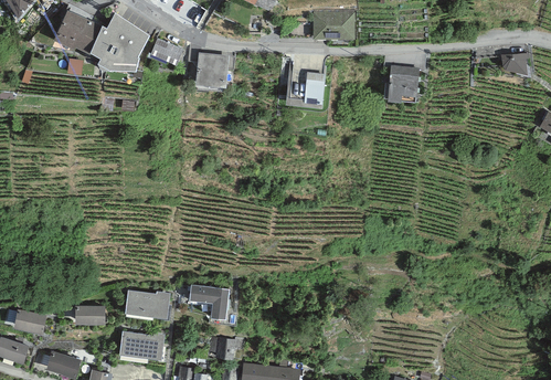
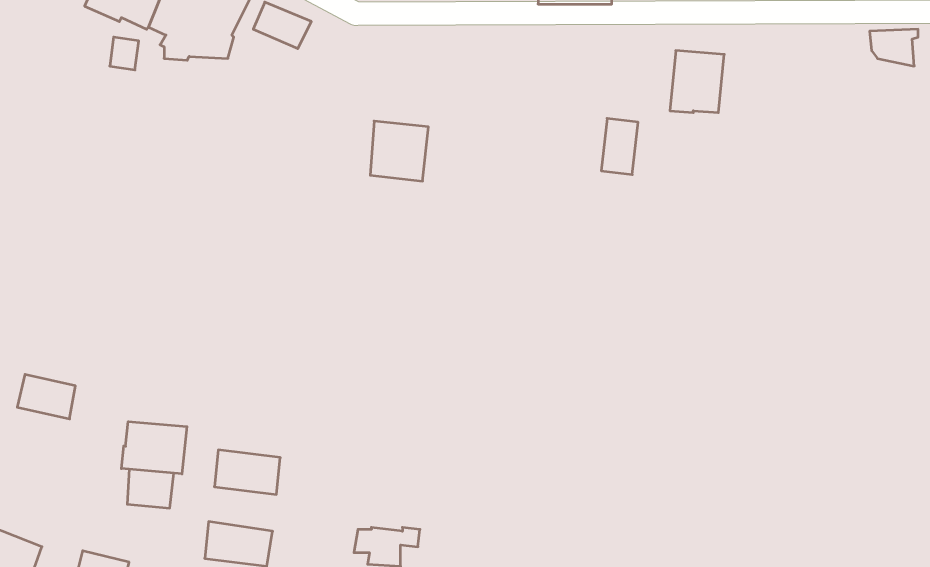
building: [195,52,229,86] -> [370,121,428,181]
building: [304,71,325,103] -> [601,118,638,175]
building: none -> [121,422,187,474]
building: [191,286,232,319] -> none
building: [13,308,46,334] -> [17,374,75,419]

